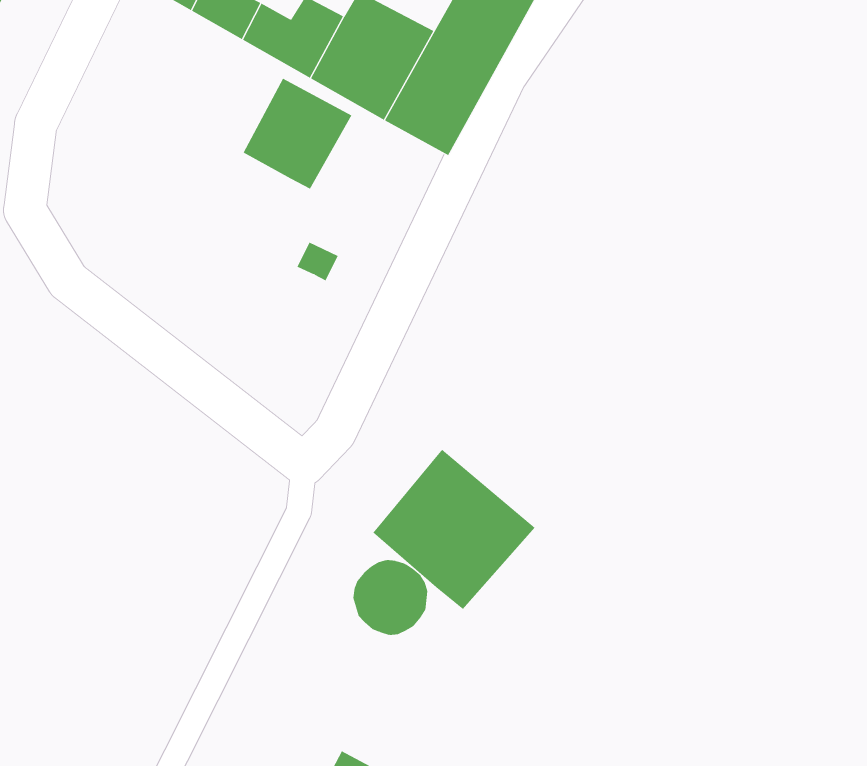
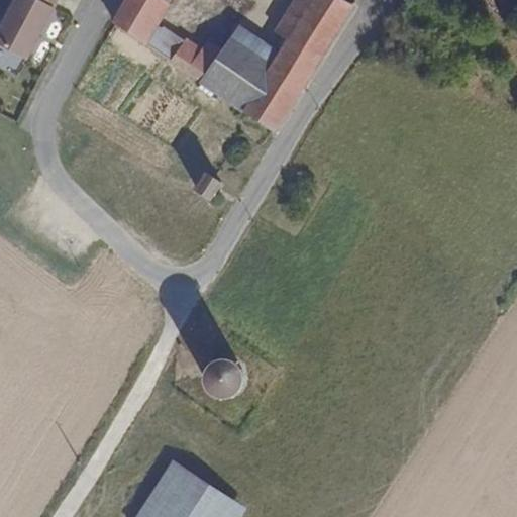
building: [243,78,352,190] -> none
building: [372,449,535,610] -> none

